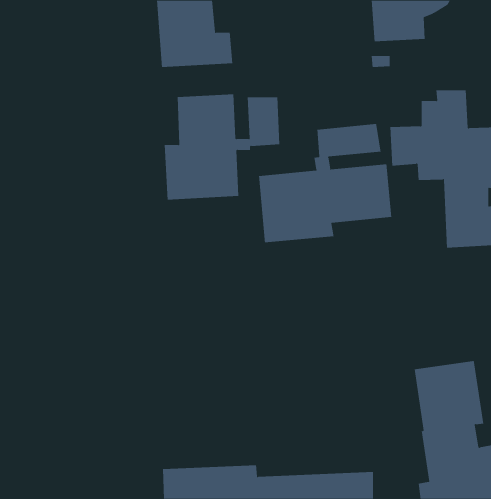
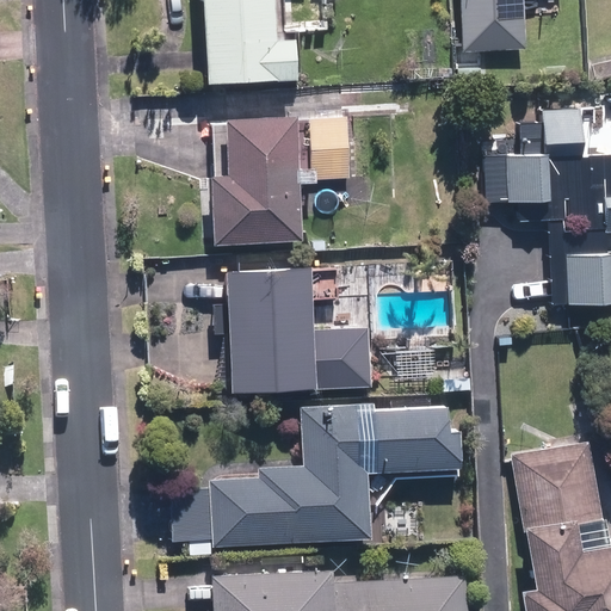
building: [259,123,392,243] -> none
building: none -> [223,265,372,393]
building: none -> [173,403,461,555]

